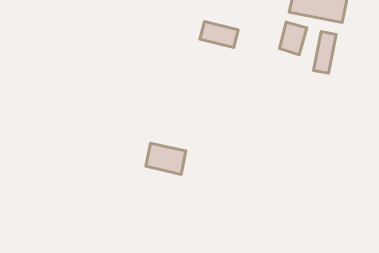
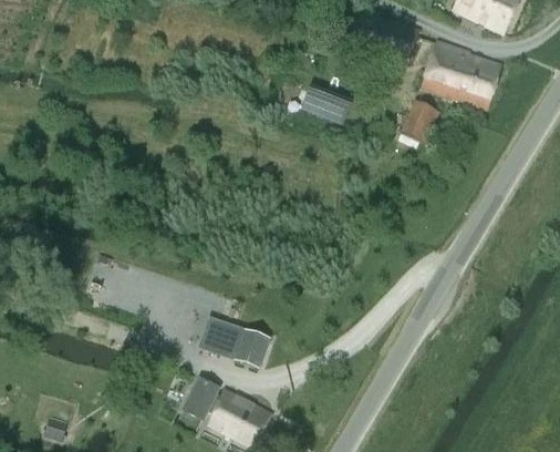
building: [313,32,336,73] -> none
building: [146,143,186,175] -> [212,321,267,367]

